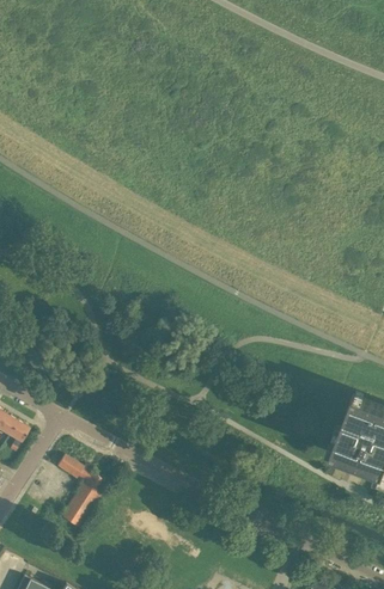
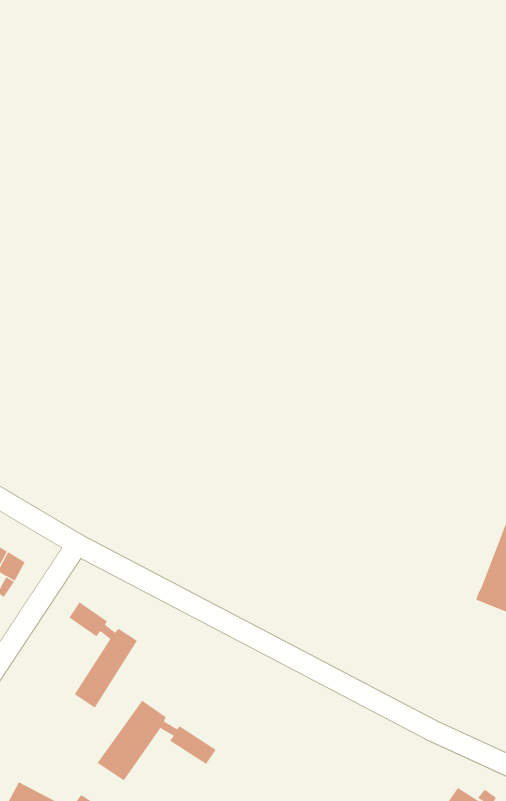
building: none -> [97,700,216,781]

